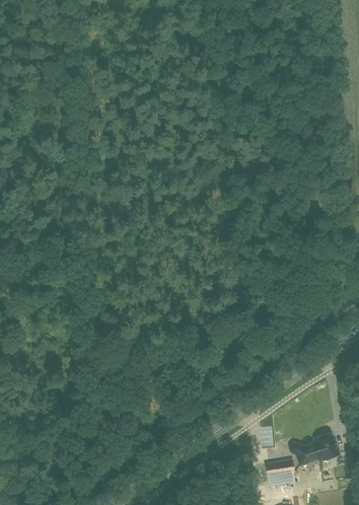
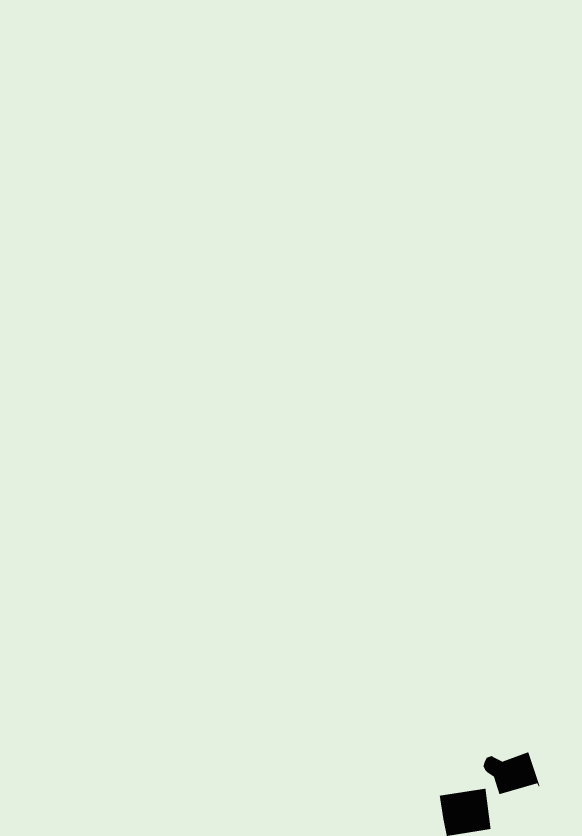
building: [315,433,339,459] -> none

